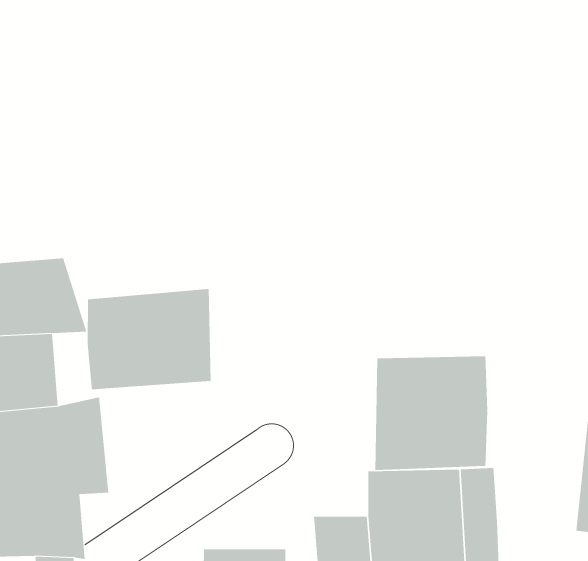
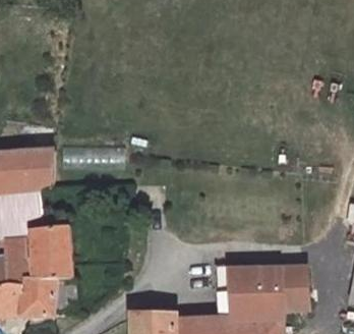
building: [87,288,211,390] -> none
building: [375,356,488,471] -> none

